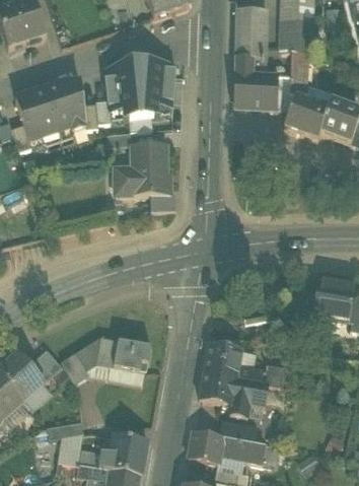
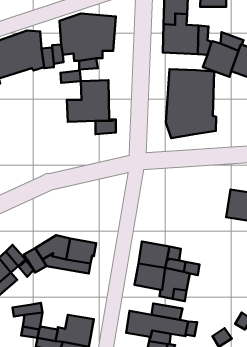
building: [289,51,307,96] -> none
building: none -> [166,69,216,138]

